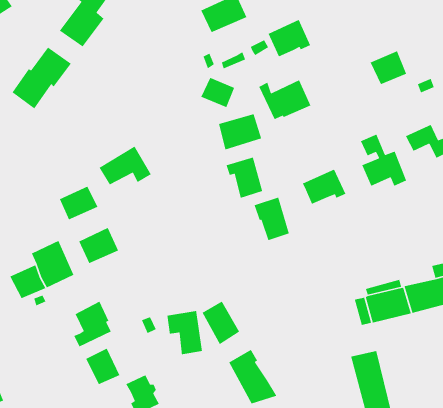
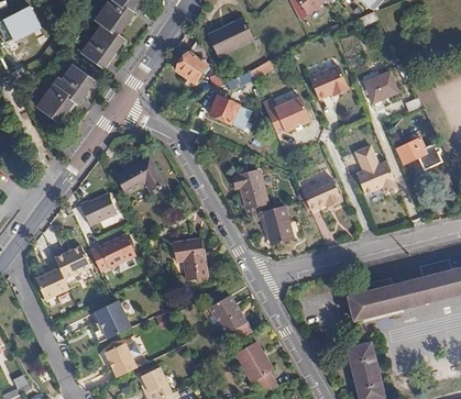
building: none -> [177,40,211,82]
building: [268,19,311,58] -> [308,65,348,100]
building: [218,113,262,150] -> none
building: [167,310,203,355] -> [174,241,207,281]

